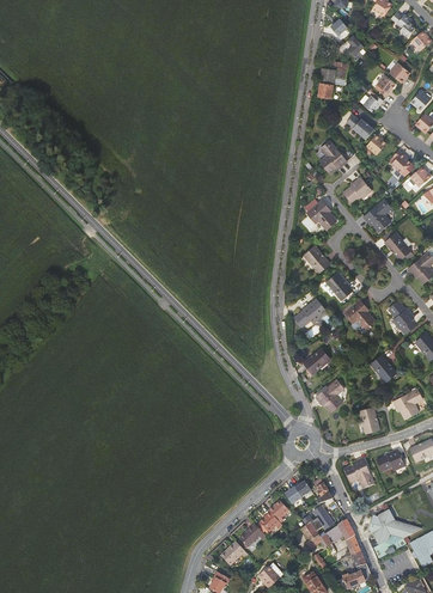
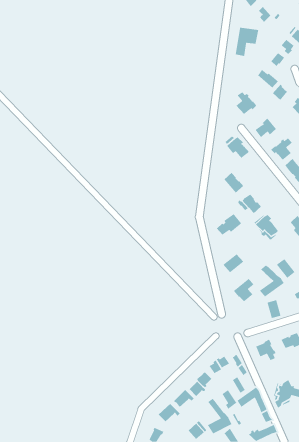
building: none -> [259,264,285,298]
building: none -> [207,398,233,435]

